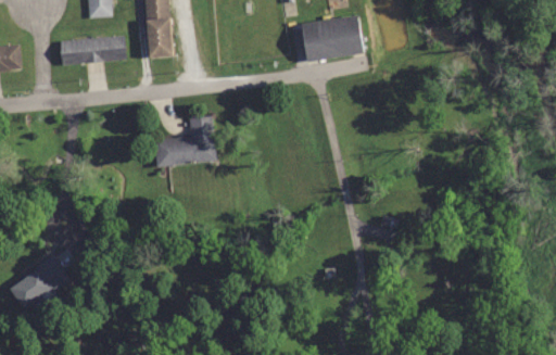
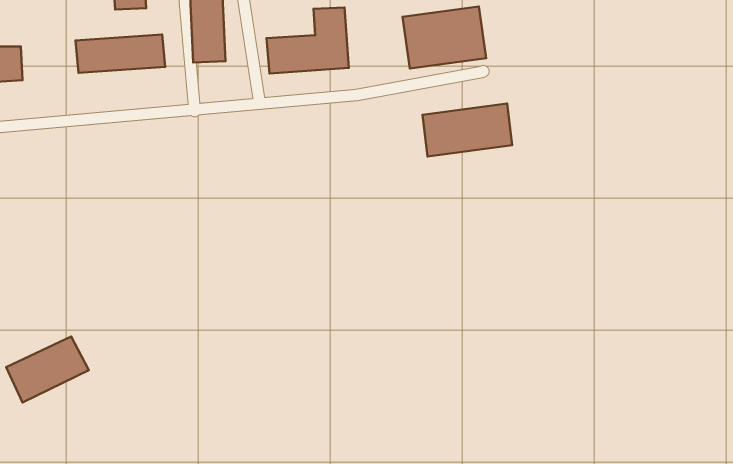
building: none -> [423,103,512,157]
building: [154,116,215,165] -> [266,7,349,74]

